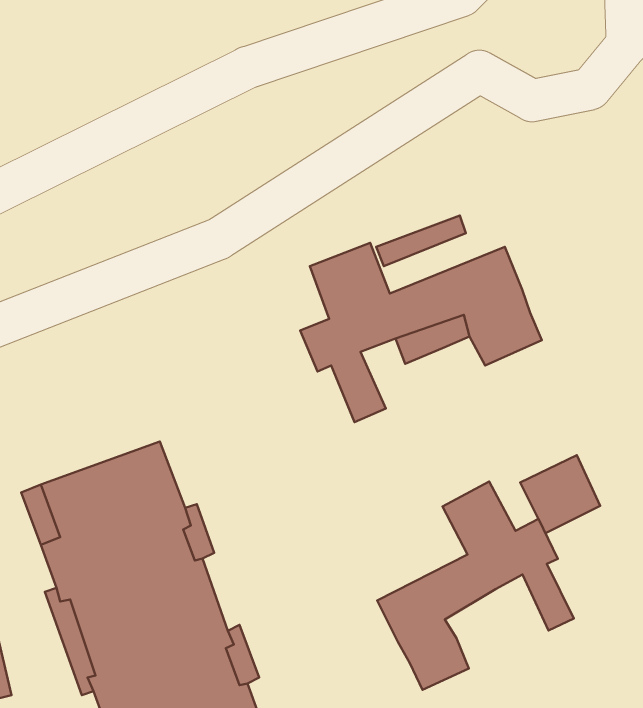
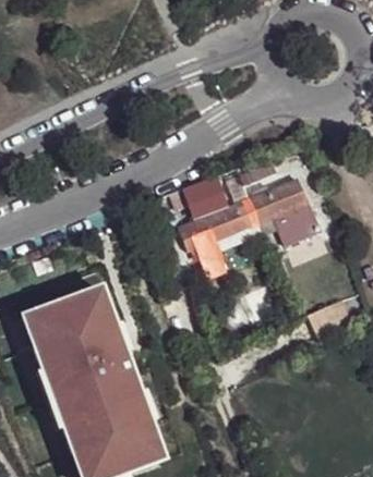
building: [377,481,574,690] -> none

